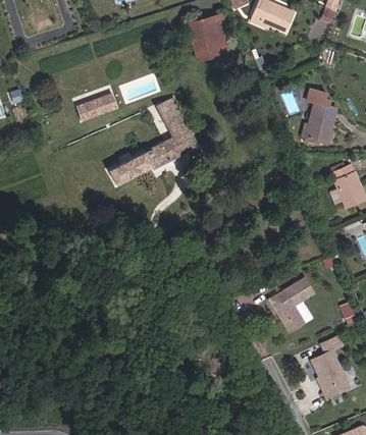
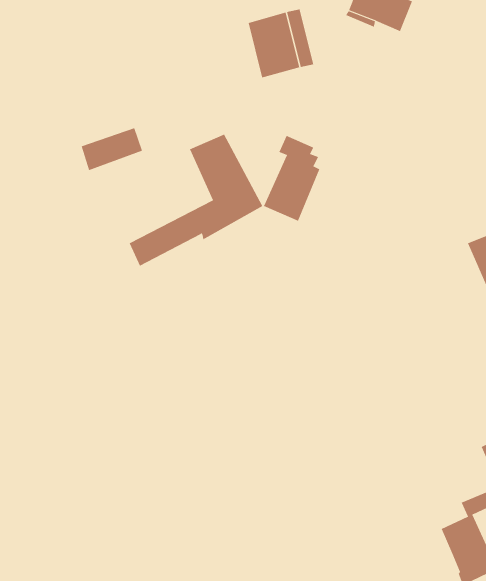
building: [294,85,331,142] -> [263,135,320,222]
building: [270,275,317,332] -> none

